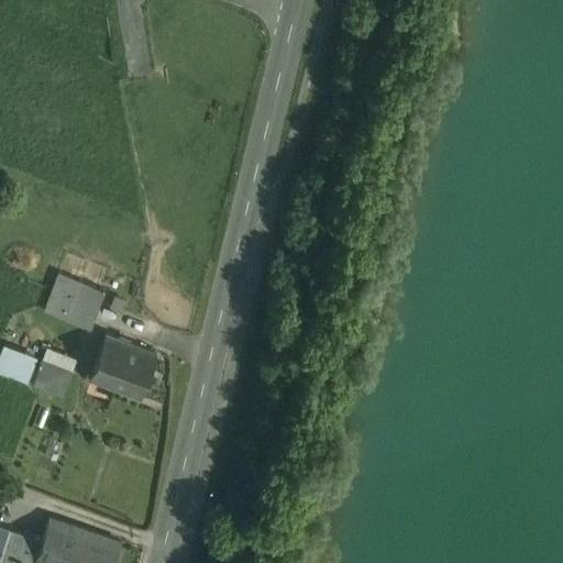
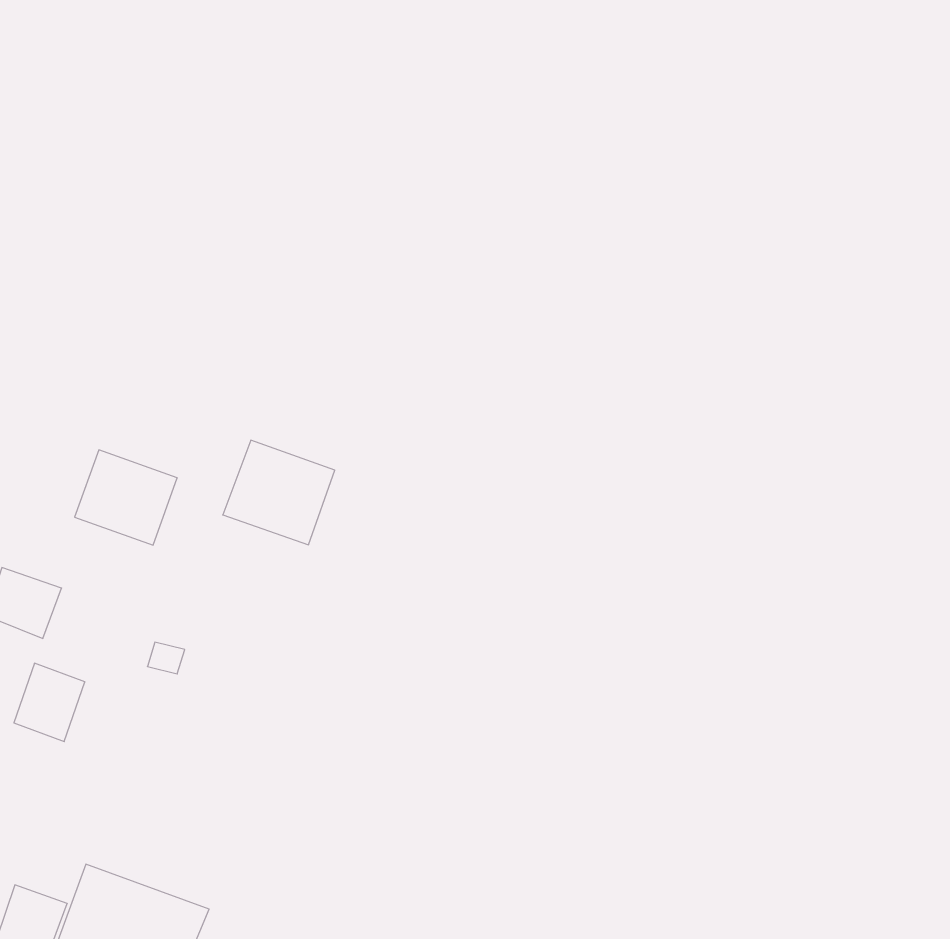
building: [89,338,155,399] -> [223,440,335,545]
building: [33,351,75,397] -> [14,663,85,742]

